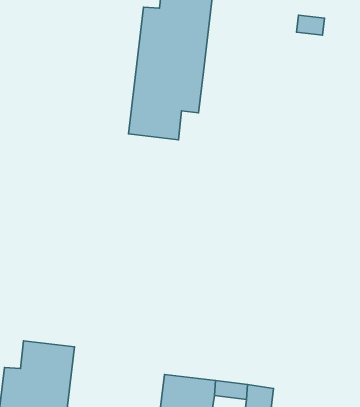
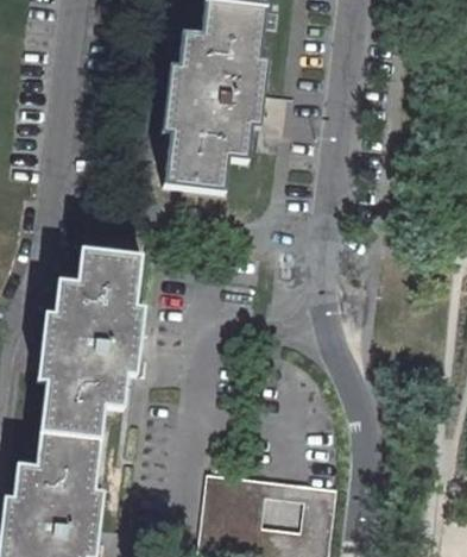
building: none -> [39,251,140,440]

